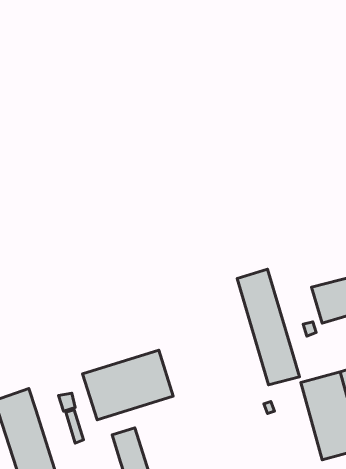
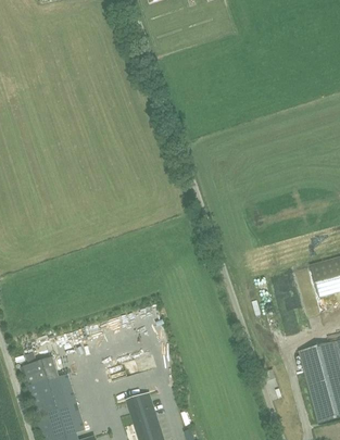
building: [237,269,299,385] -> none
building: [83,350,173,420] -> none

